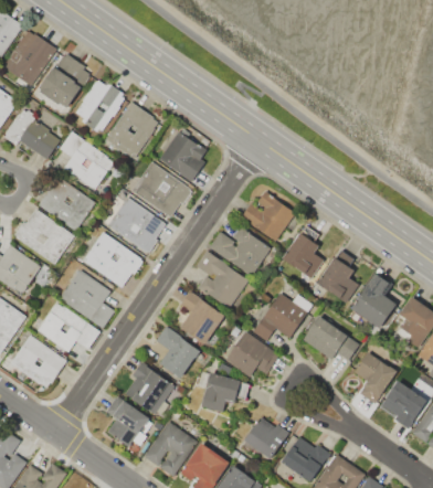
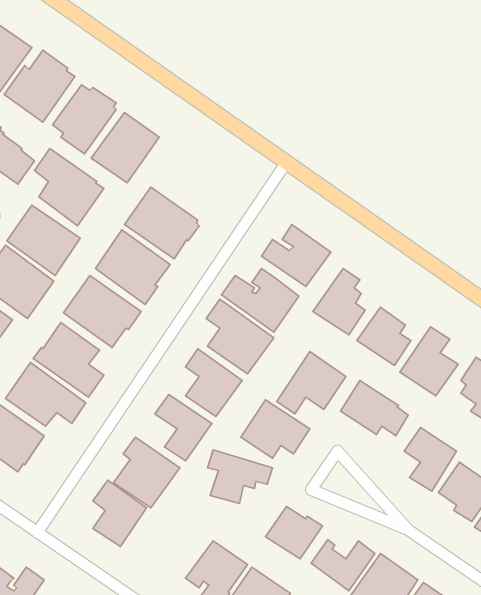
building: [157,131,208,183] -> none
building: [144,422,196,476] -> none

